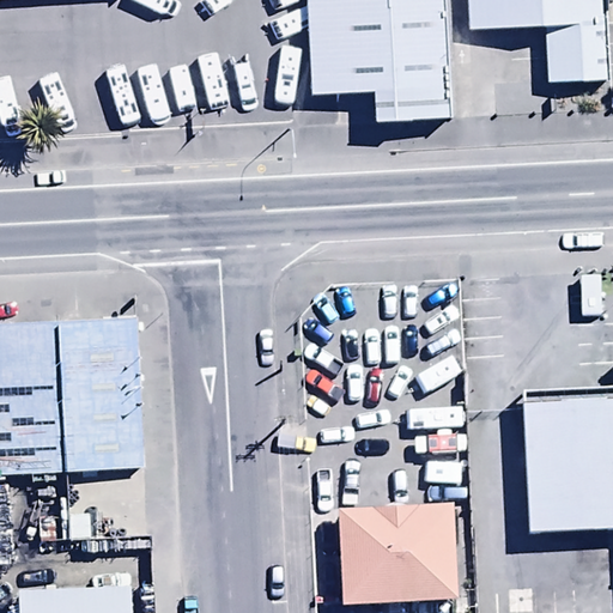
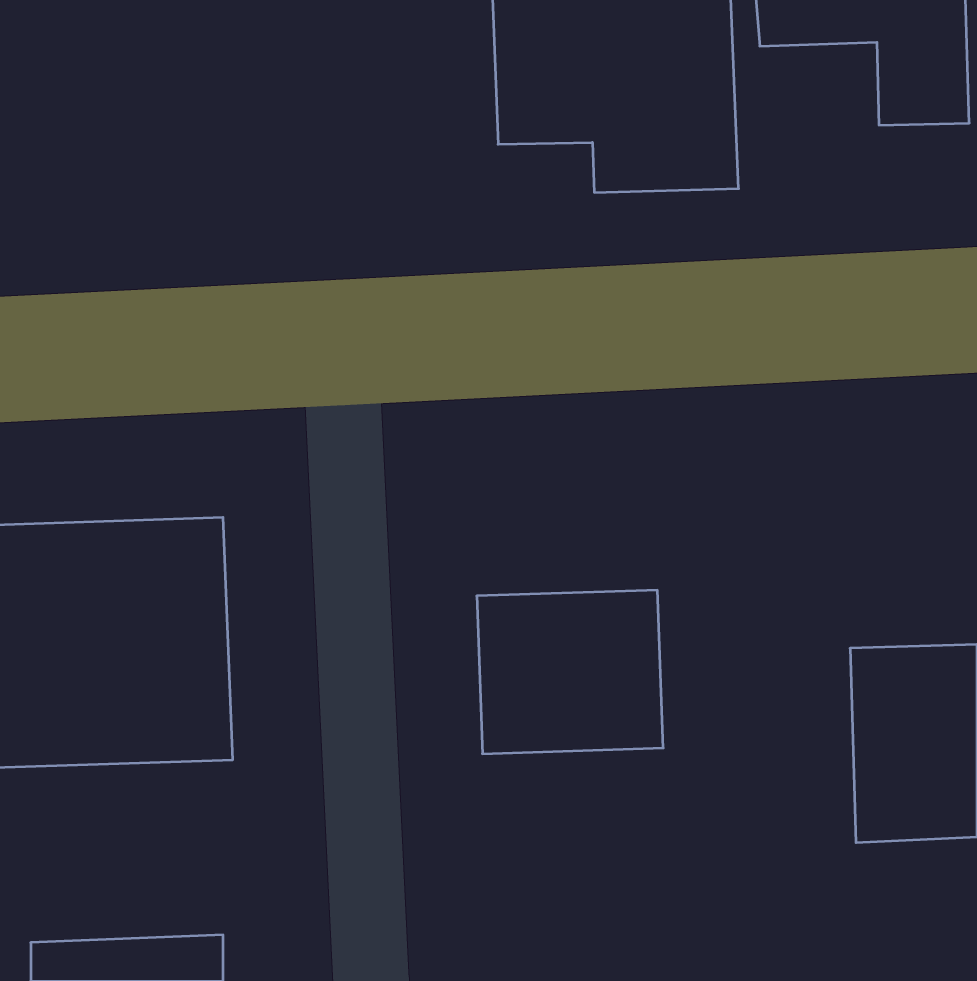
building: [338,502,454,603] -> [477,590,663,754]

